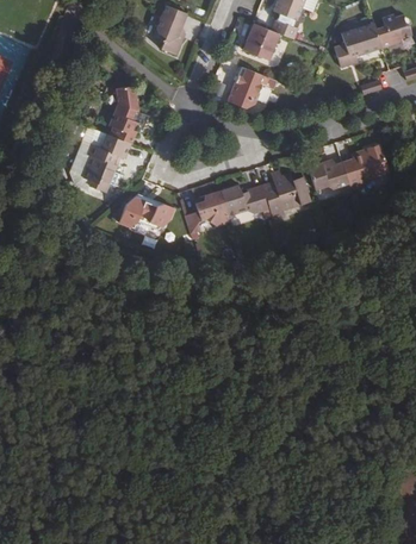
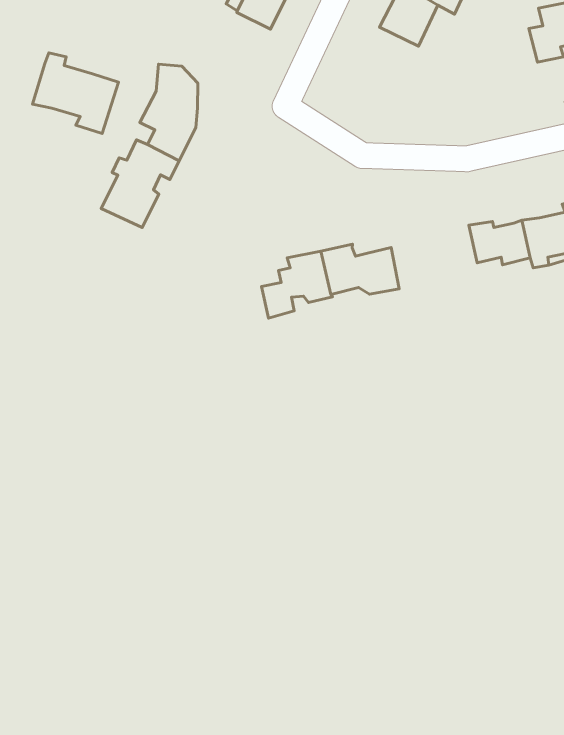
building: [224,68,262,108] -> none
building: none -> [32,53,119,134]
building: [263,171,311,214] -> none
building: [120,193,174,224] -> none

